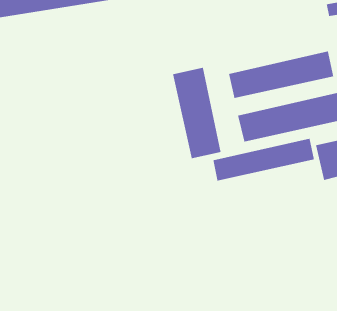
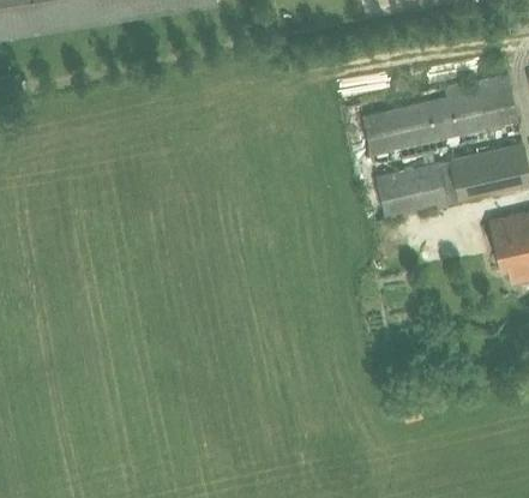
building: [172,67,222,159] -> none
building: [213,138,315,181] -> none

